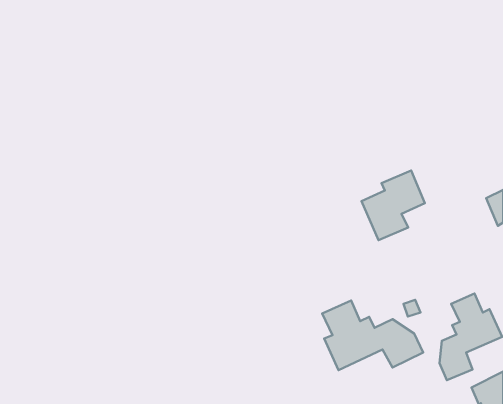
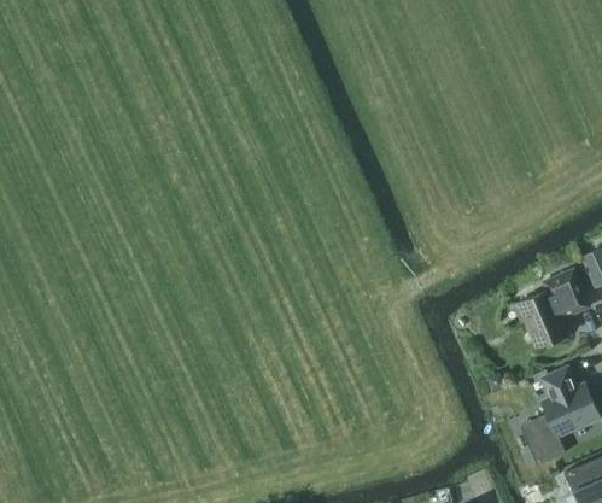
building: [361,171,425,240] -> [518,269,590,349]
building: [322,300,423,370] -> none

